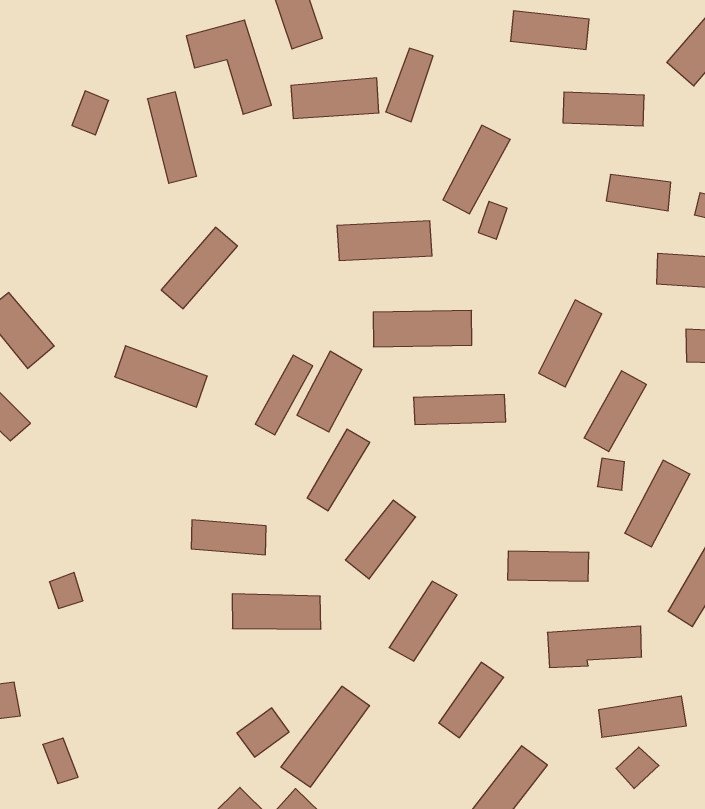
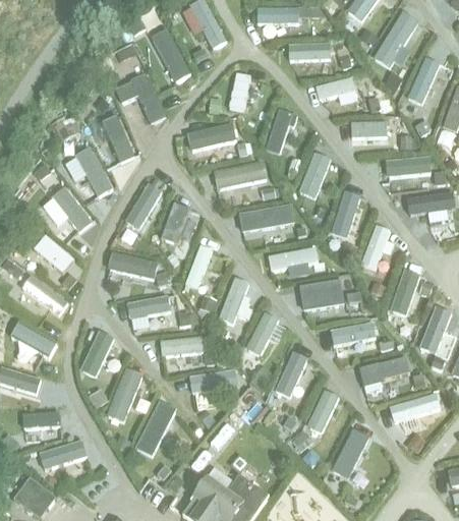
building: [291,78,379,119] -> [186,123,235,152]
building: none -> [75,147,113,196]
building: none -> [52,186,93,232]
building: none -> [299,152,332,198]
building: [297,351,362,432] -> [160,202,190,245]
building: none -> [127,295,171,319]
building: none -> [299,281,344,312]
building: none -> [79,331,114,379]
building: none -> [106,368,142,422]
building: [281,686,370,787] -> [134,402,176,458]

